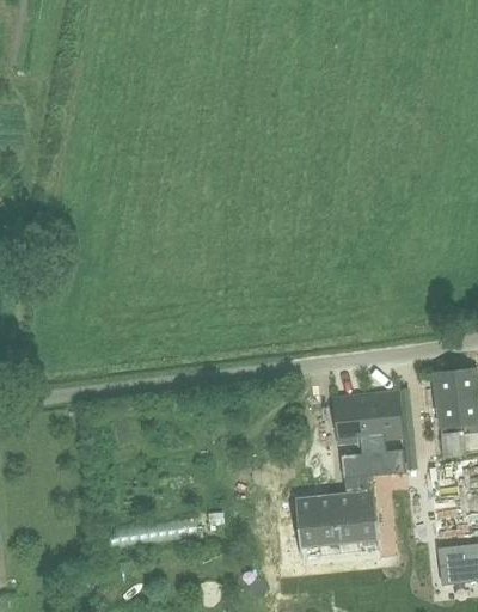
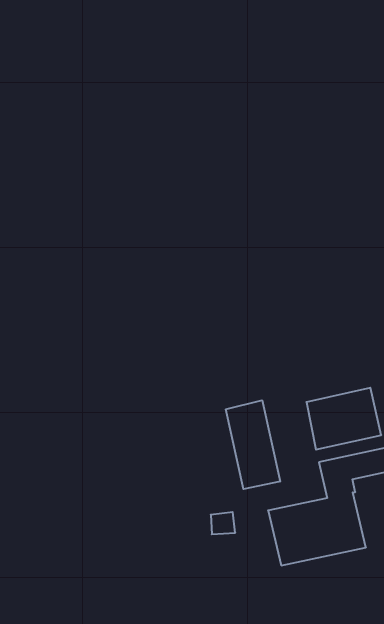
building: none -> [226,400,280,489]

